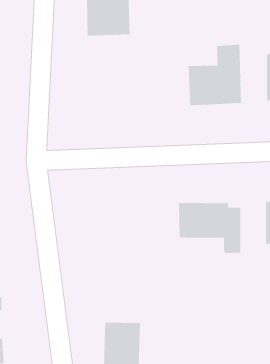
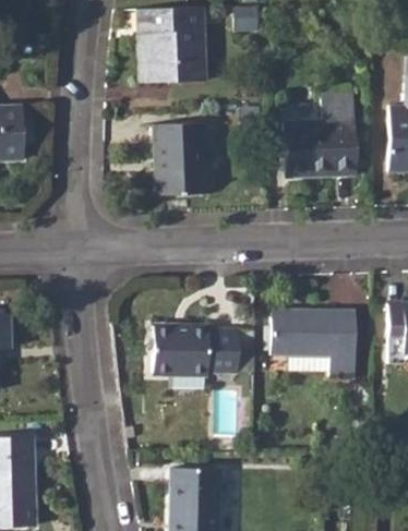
building: none -> [146,123,207,195]
building: none -> [153,326,238,373]

